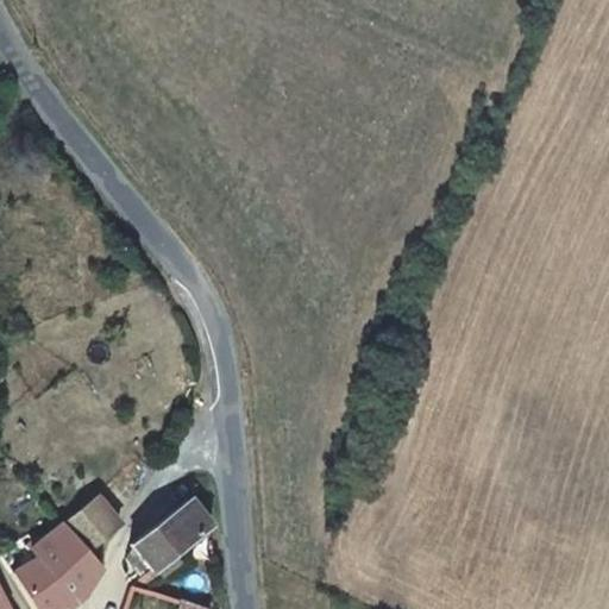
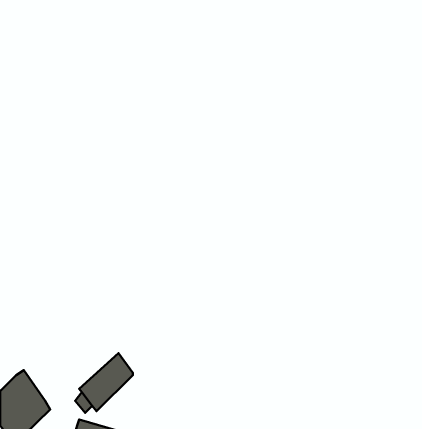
building: [52,506,111,569] -> none

